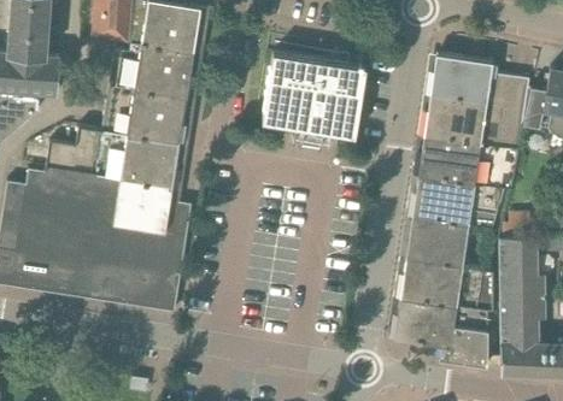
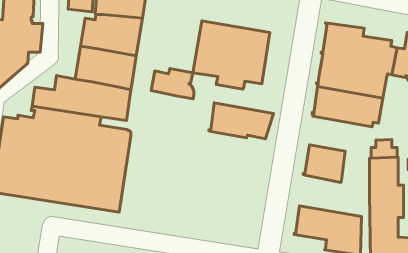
building: none -> [151,68,194,99]
building: [415,181,502,229] -> [209,103,273,139]
building: [403,260,492,316] -> none

